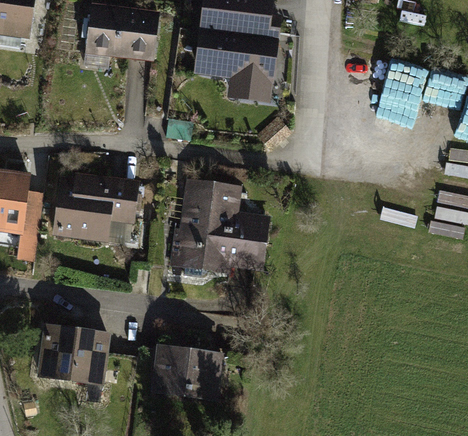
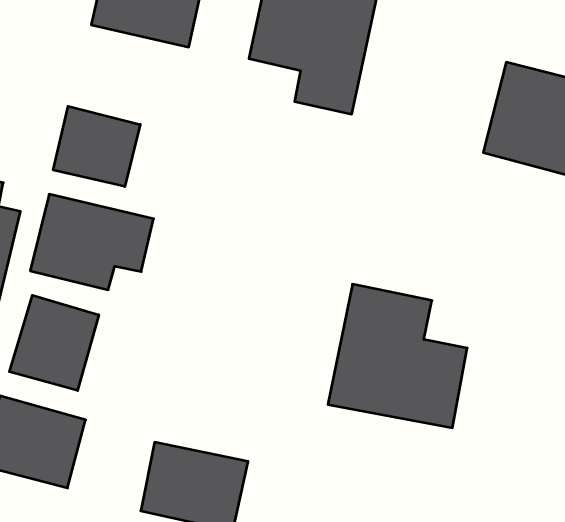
building: none -> [53,106,140,187]
building: [175,179,269,273] -> [328,284,467,428]
building: none -> [9,295,99,391]

